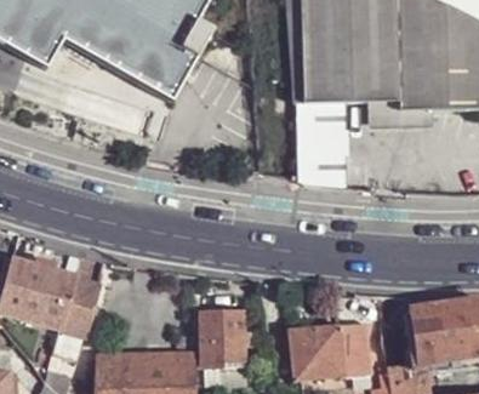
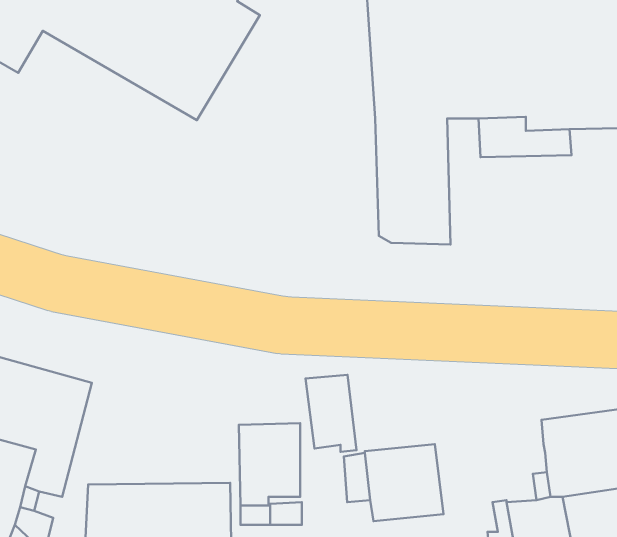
building: [337,322,372,376] -> [306,375,356,452]

